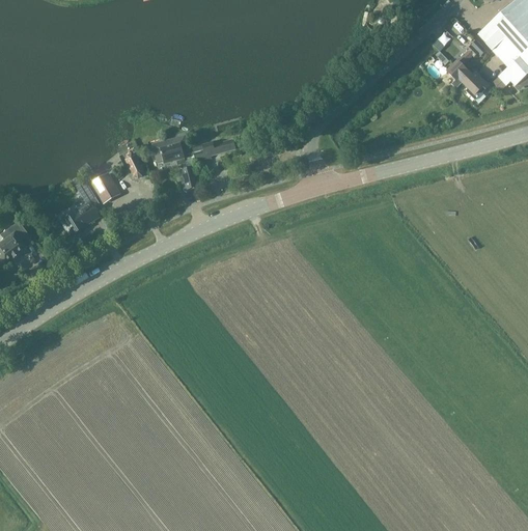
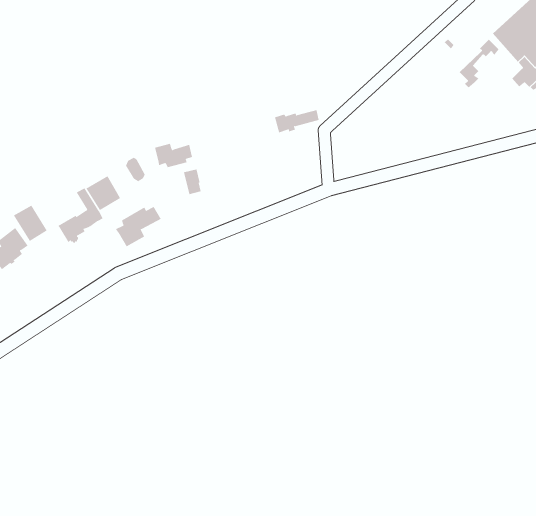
building: [462,69,488,99] -> none
building: [192,137,235,160] -> [274,110,319,133]
building: none -> [13,205,47,242]
building: none -> [115,206,162,247]

